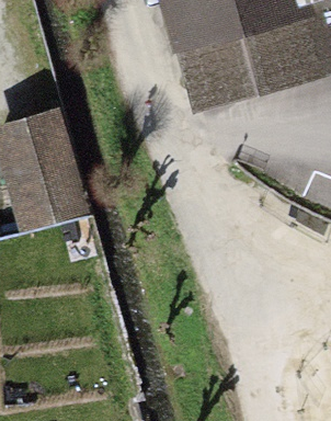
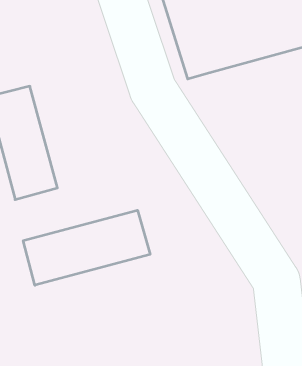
building: none -> [23,210,150,285]

